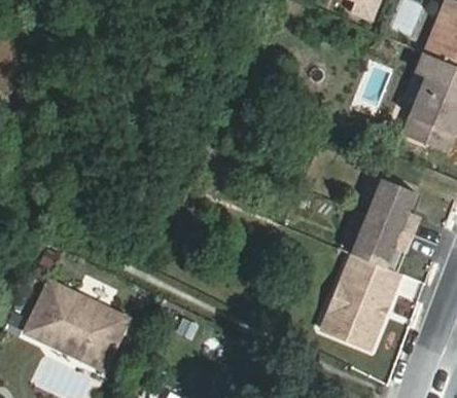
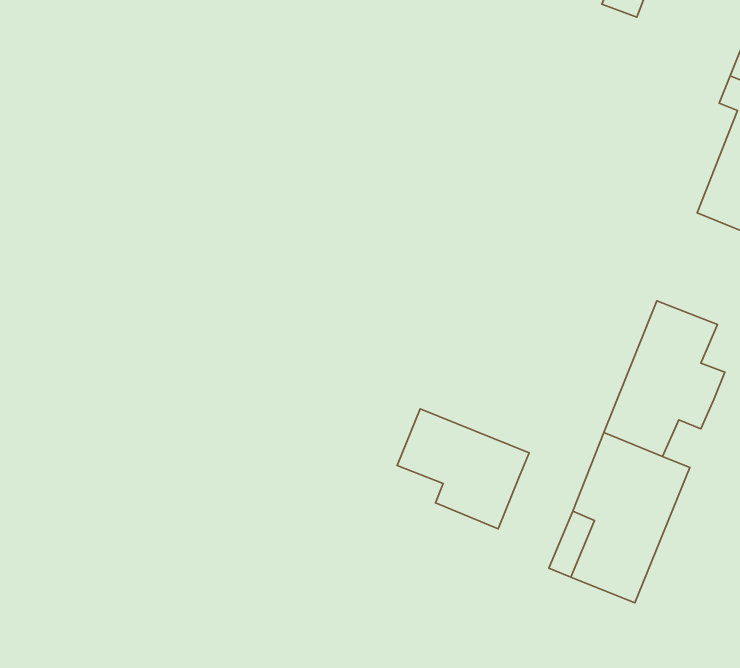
building: none -> [397,409,529,529]
building: [21,293,121,378] -> none

